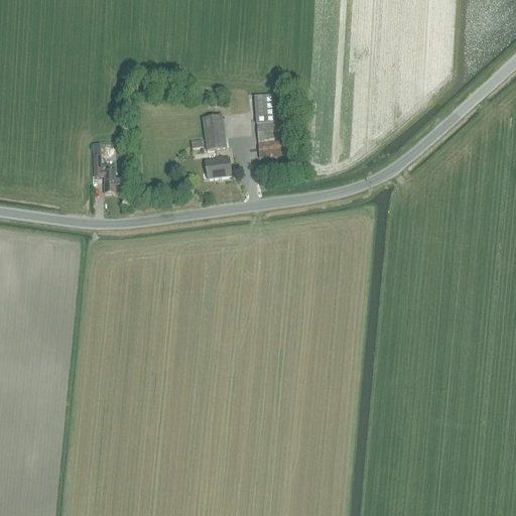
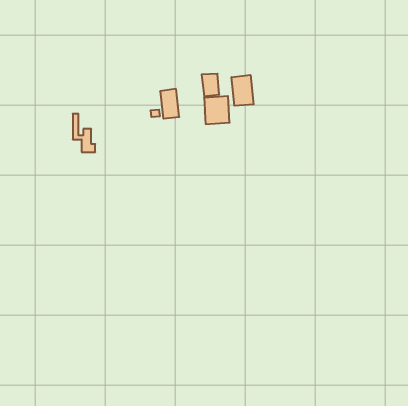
building: none -> [232,75,254,106]
building: [204,154,231,178] -> none

